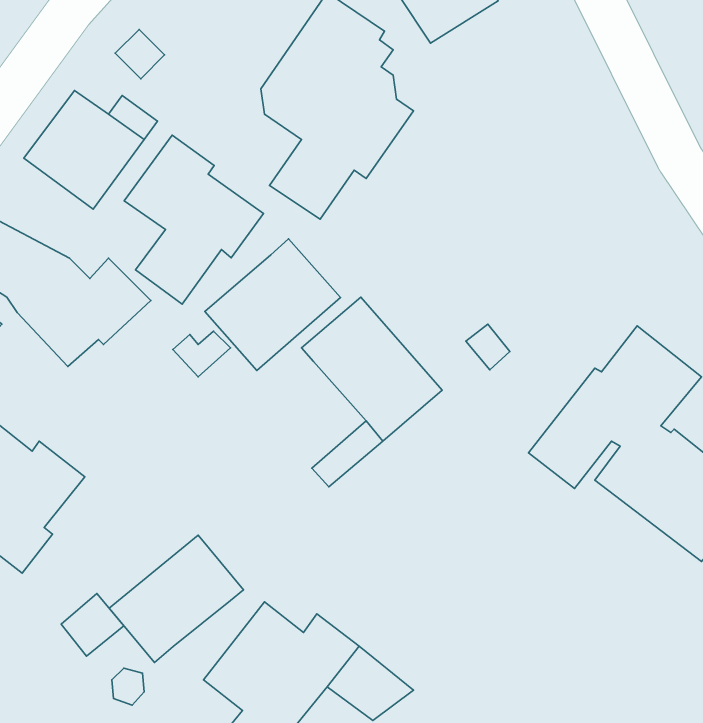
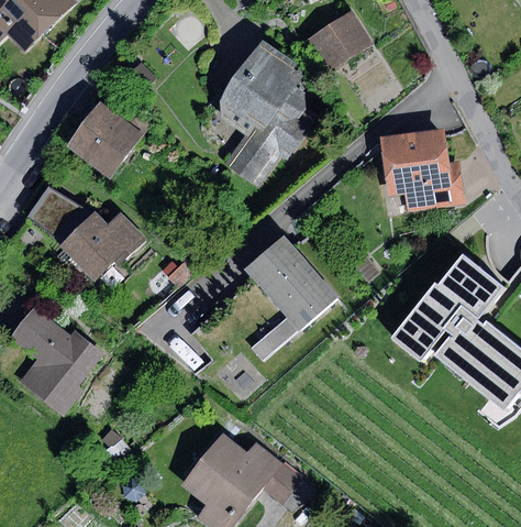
building: none -> [383,129,465,209]
building: [124,135,264,304] -> none
building: [205,239,341,370] -> none
building: [109,535,244,663] -> none

